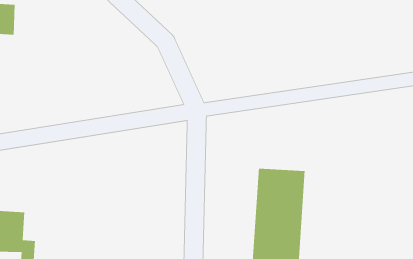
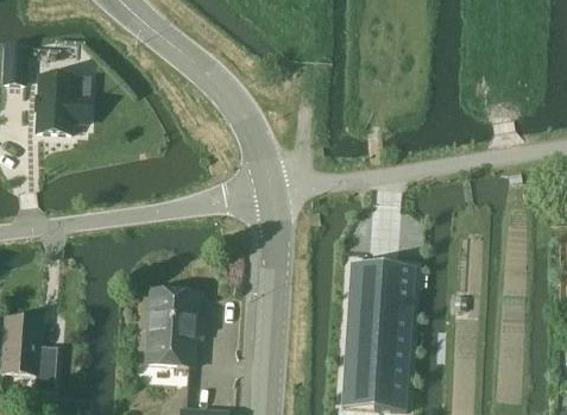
building: none -> [36,73,90,133]
building: none -> [145,289,199,365]

